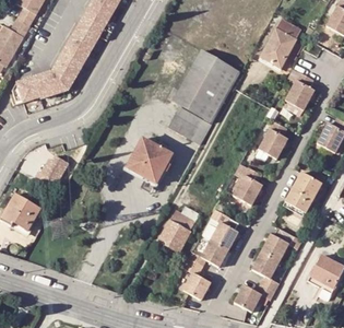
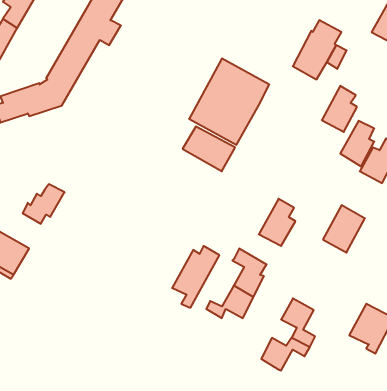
building: [257,122,285,161] -> [340,121,374,167]
building: [124,138,173,186] -> none
building: [259,227,299,260] -> none
building: [182,259,209,298] -> none

